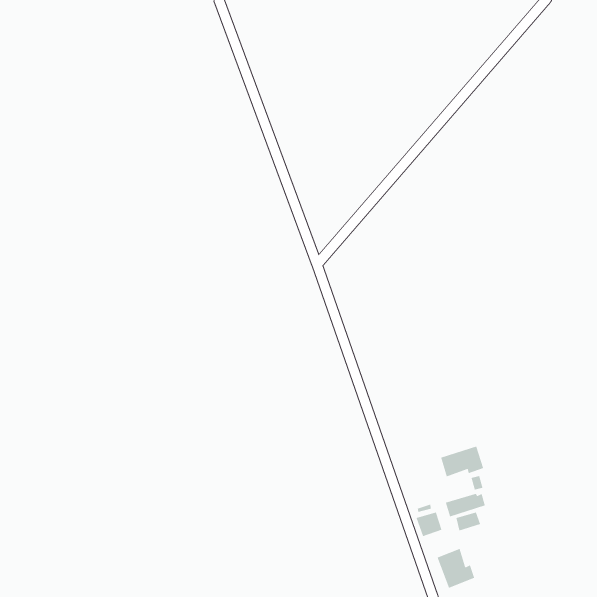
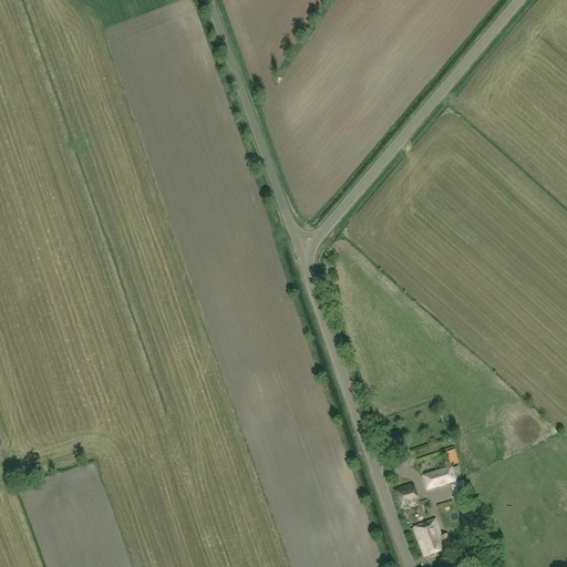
building: [440,445,484,477] -> none

